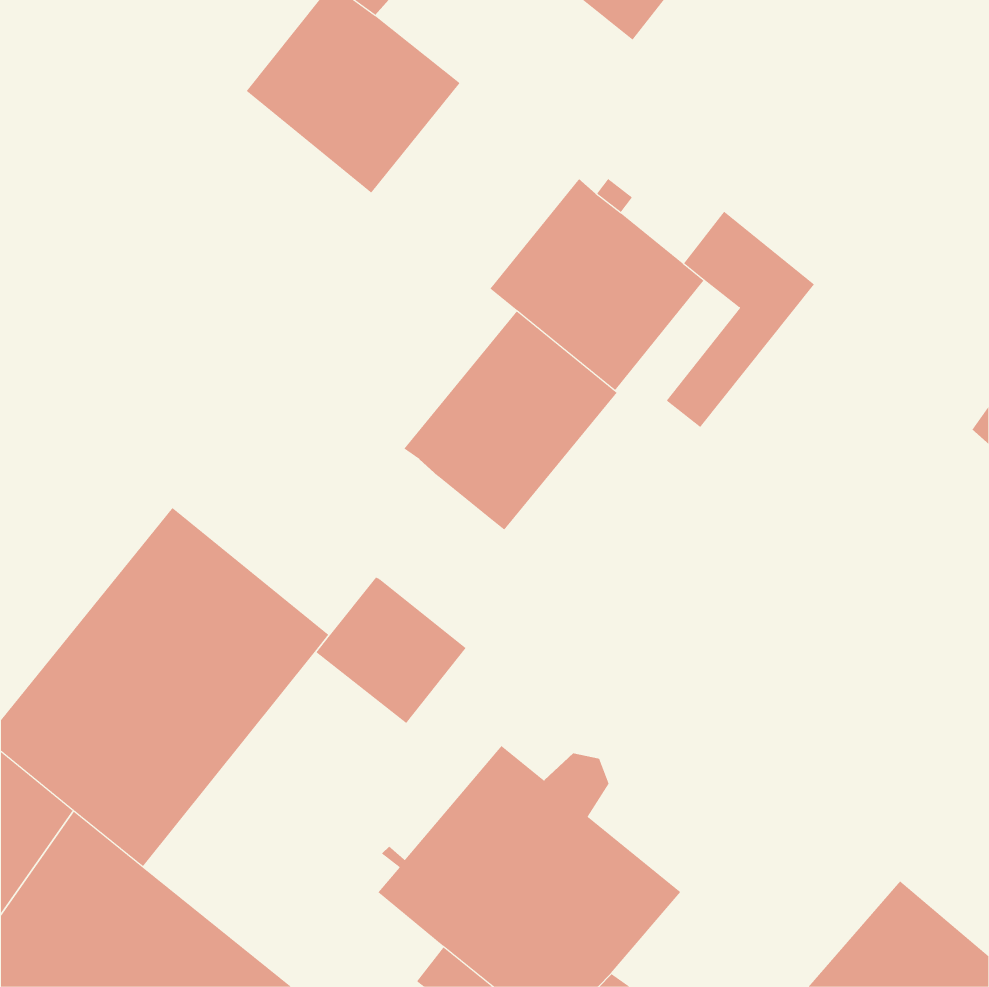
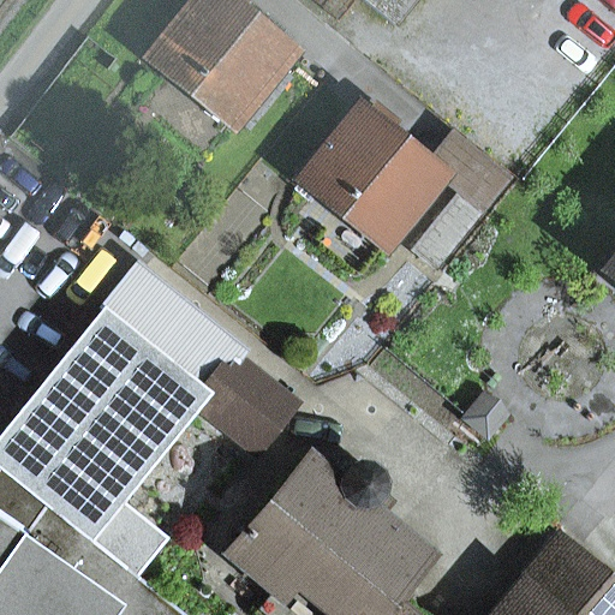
building: [403,311,617,531] -> none
building: none -> [107,273,241,394]

